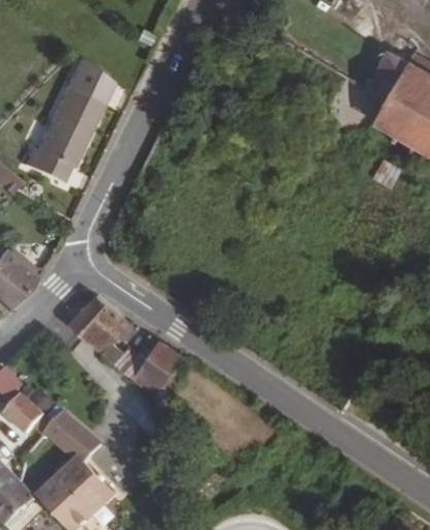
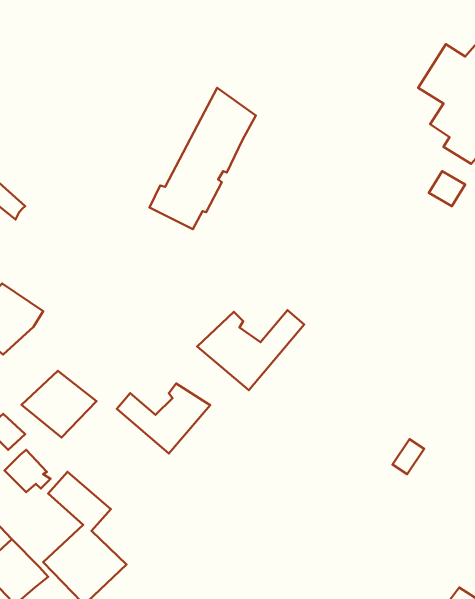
building: [29,59,120,180] -> [149,88,256,229]
building: none -> [197,310,304,390]
building: [64,297,128,354] -> [22,371,97,437]

